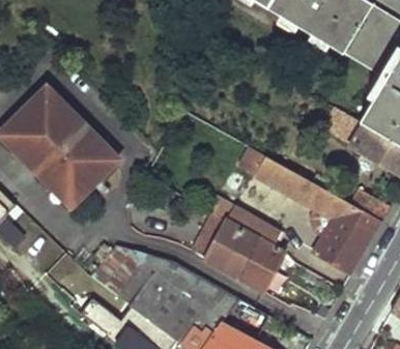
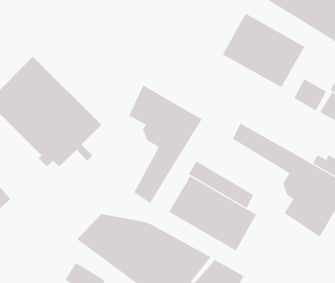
building: none -> [222,13,305,88]
building: none -> [129,84,202,204]

